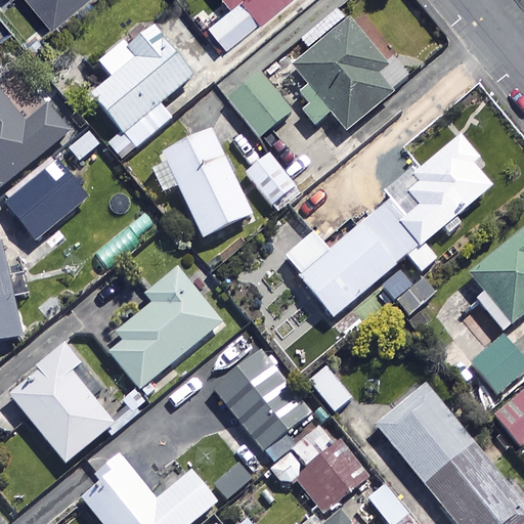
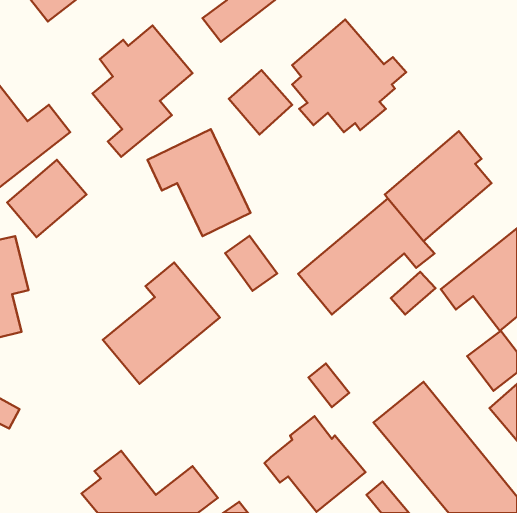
building: [245,151,297,207] -> [225,236,277,291]
building: [10,345,113,461] -> none
building: [212,346,312,460] -> none

